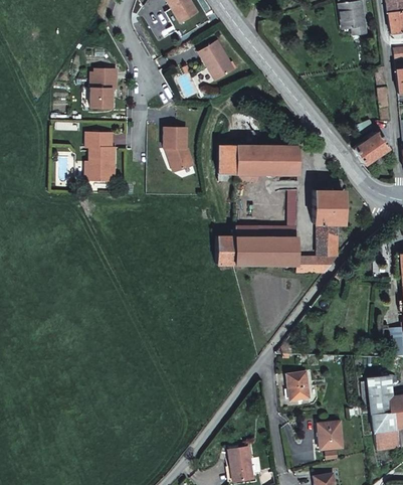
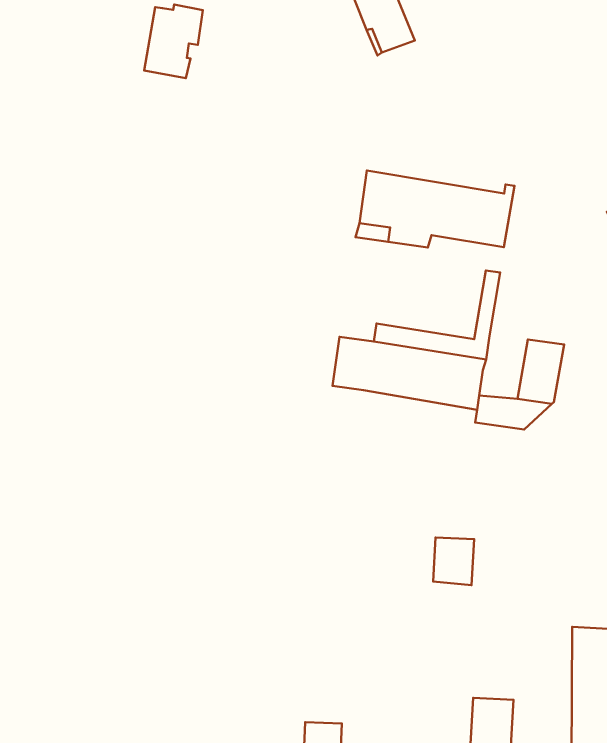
building: [165,127,195,170] -> none
building: [85,132,116,180] -> none
building: [315,189,346,223] -> none
building: [285,372,309,398] -> [433,537,474,585]

